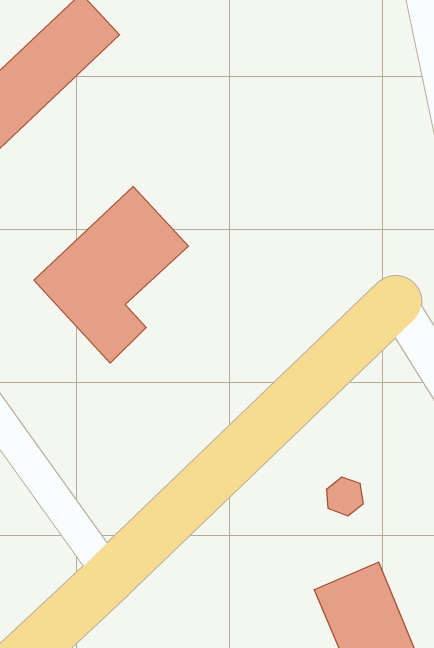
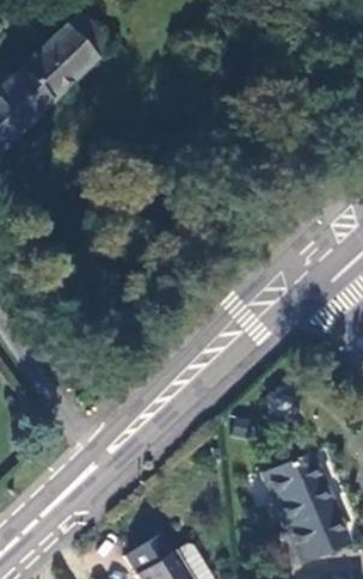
building: [34,186,188,363] -> none

